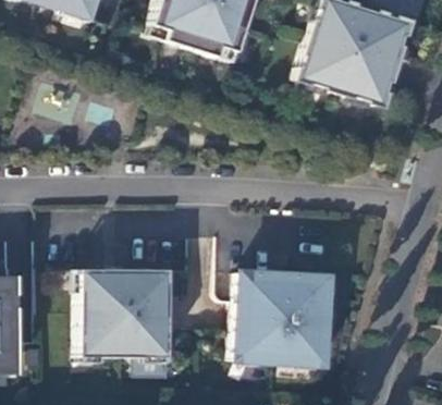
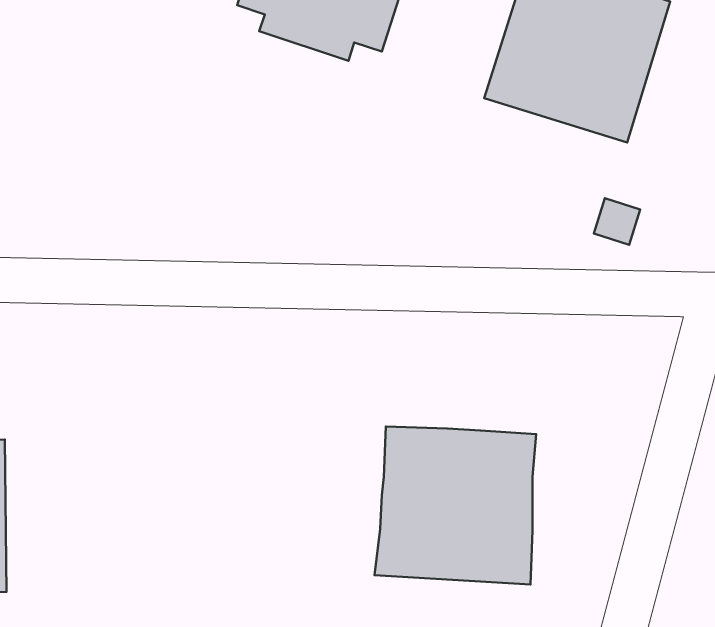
building: [83,271,170,358] -> none

